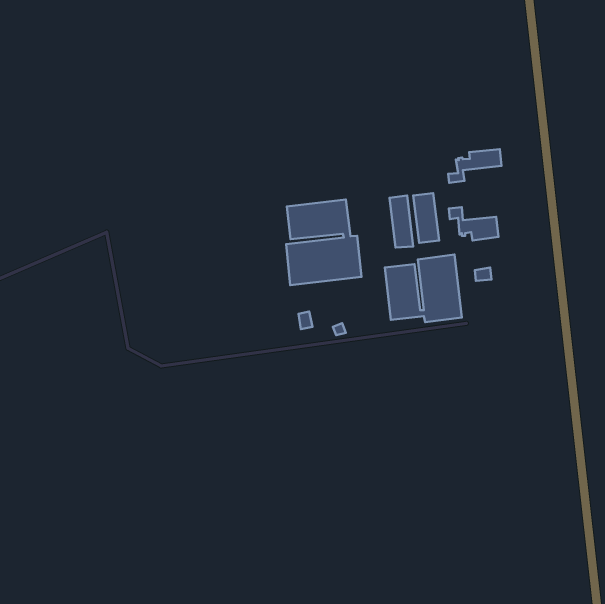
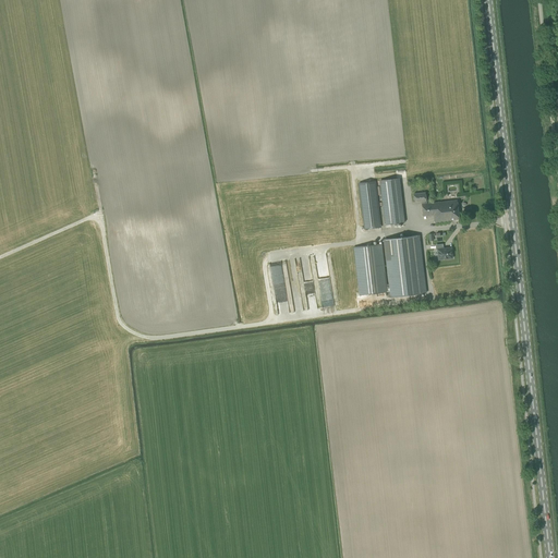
building: [448,149,501,183] -> none
building: [286,199,361,285] -> none

